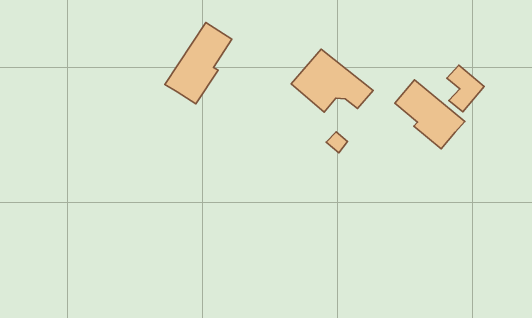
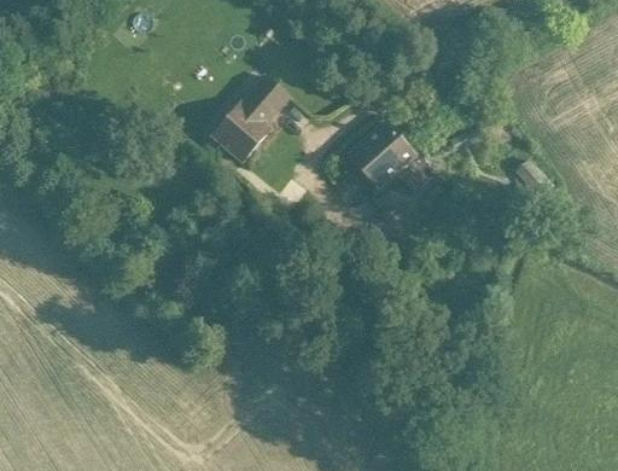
building: [395,80,465,149] -> none

